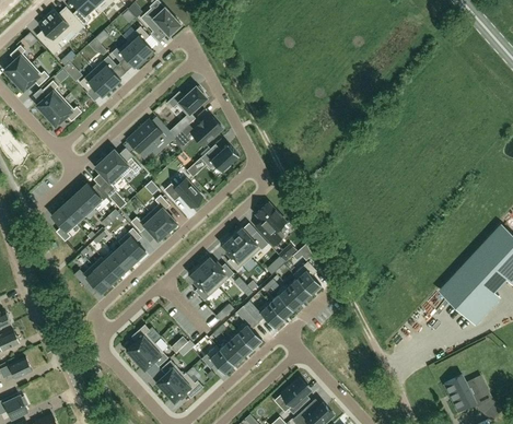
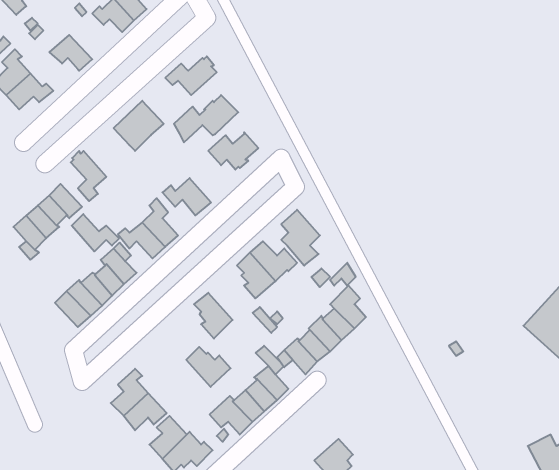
building: [94,56,121,89] -> none
building: [105,150,141,178] -> [72,214,119,251]
building: [200,257,234,287] -> [186,347,231,387]

